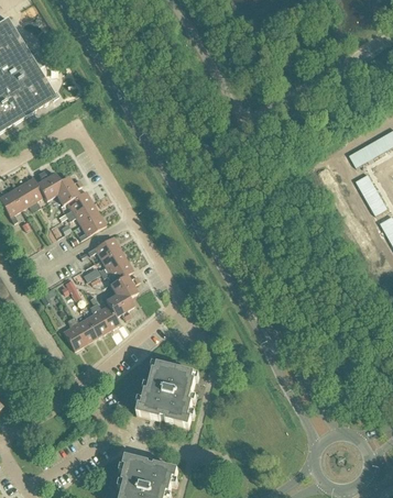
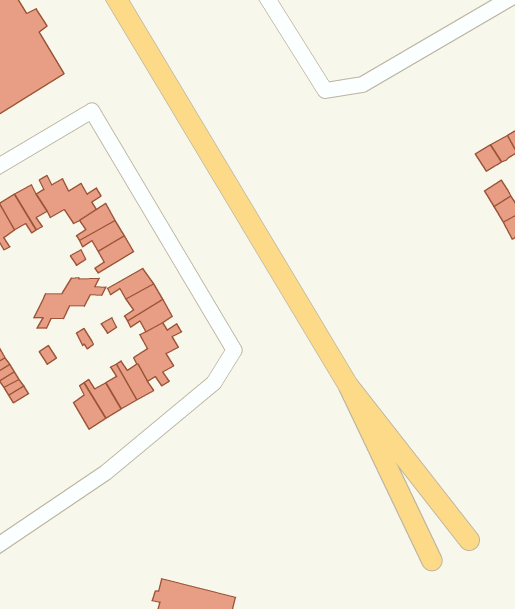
building: none -> [34,278,106,328]
building: [137,362,197,425] -> none

